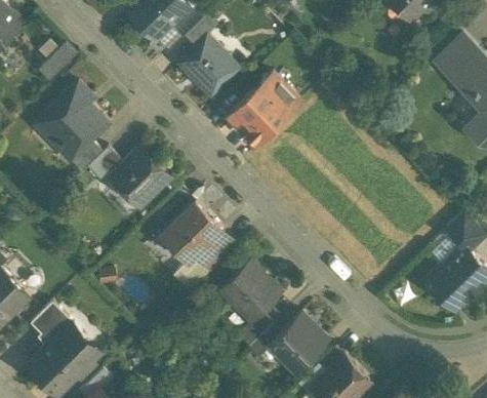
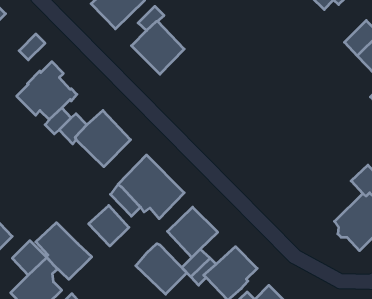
building: [230,74,299,145] -> none
building: none -> [89,205,129,246]
building: none -> [36,223,92,279]
building: none -> [136,244,187,294]

